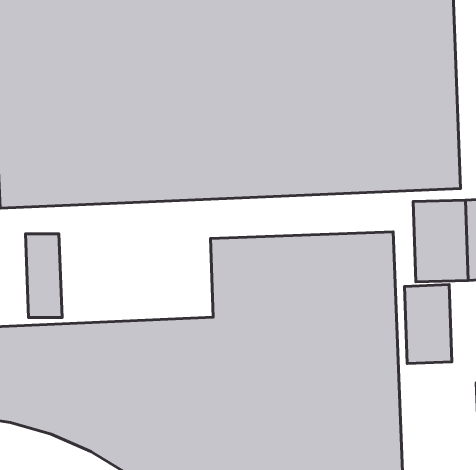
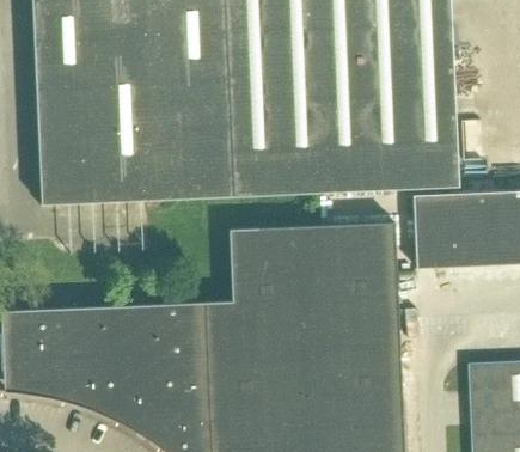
building: [25,234,62,318] -> none
building: [405,285,452,364] -> none

